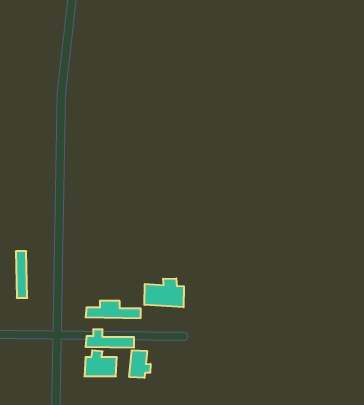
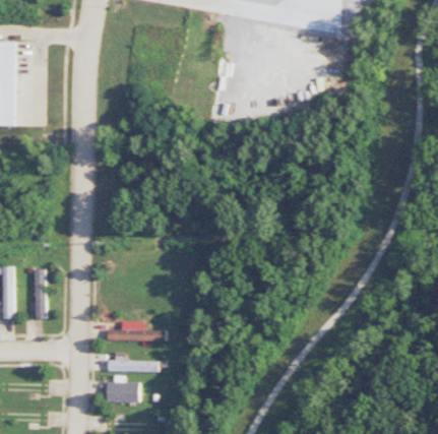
building: [144,278,184,307] -> none
building: [129,350,150,378] -> none

